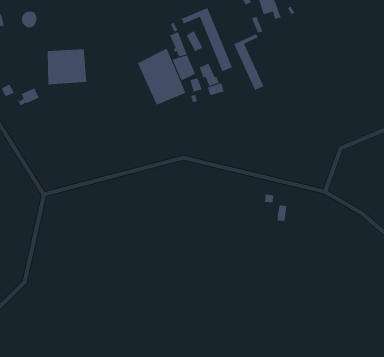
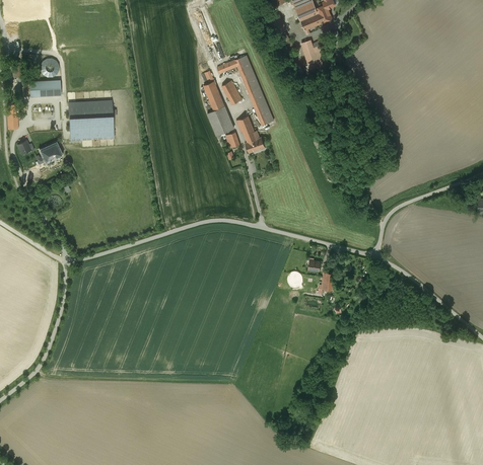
building: none -> [28,79,60,96]
building: [234,34,264,91] -> none
building: [137,48,186,105] -> none

